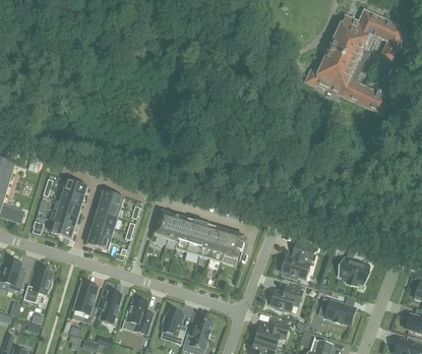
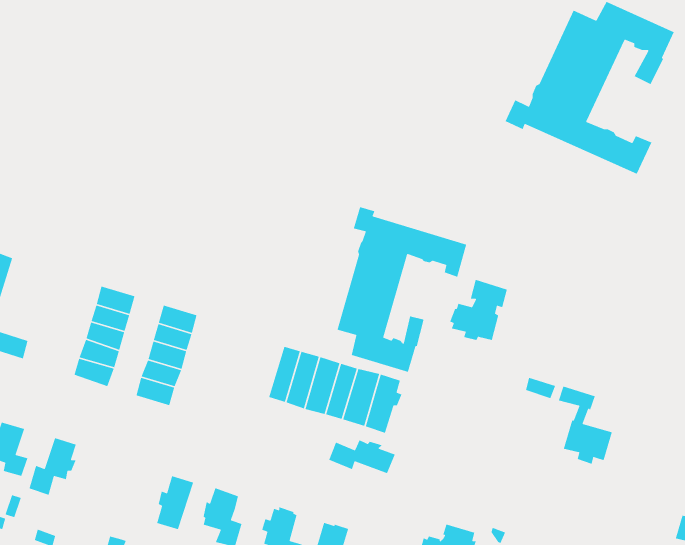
building: none -> [336,206,467,373]
building: [152,210,174,244] -> none
building: [280,241,314,278] -> [449,279,508,341]
building: none -> [328,439,396,474]
building: [74,282,97,324] -> none
building: [269,285,302,311] -> none
building: [321,297,355,324] -> none

